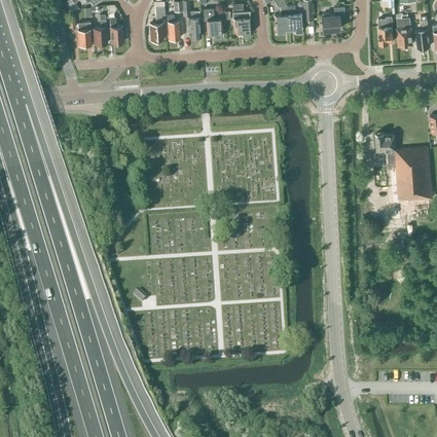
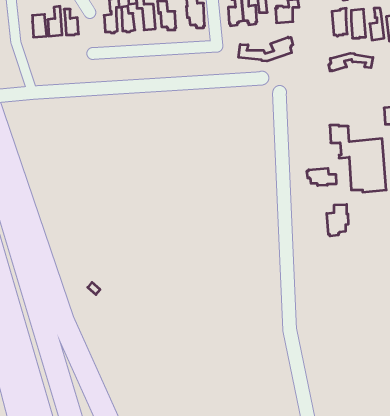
building: none -> [239,37,293,61]
building: none -> [329,53,373,71]
building: none -> [307,168,336,186]
building: none -> [327,204,348,236]

